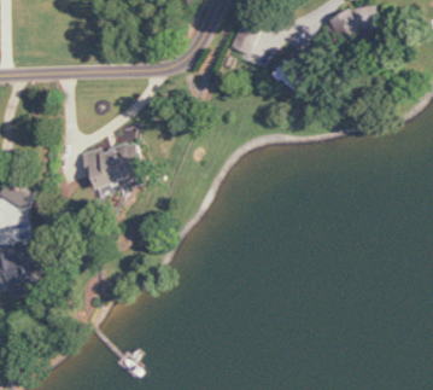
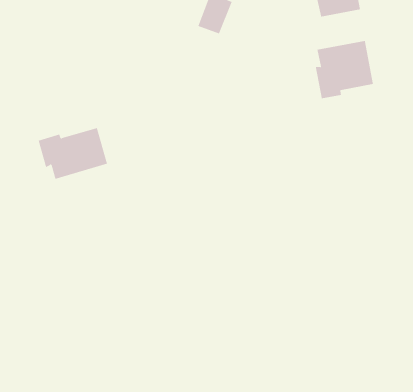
building: none -> [315,40,374,99]

